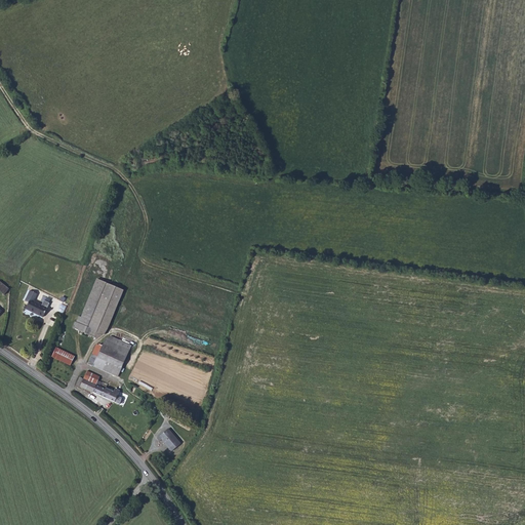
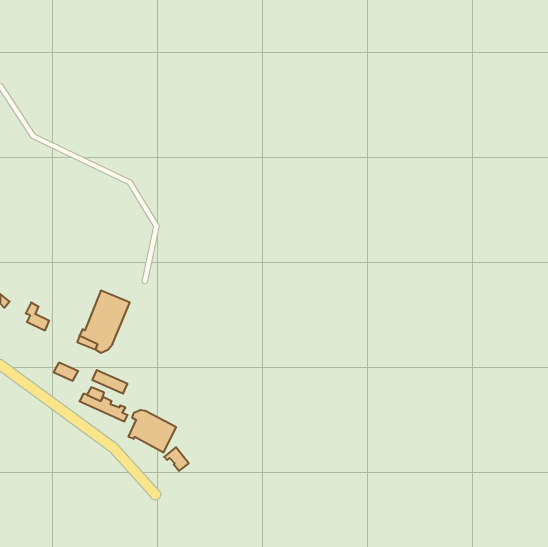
building: [92,335,131,367] -> none
building: none -> [129,410,176,453]

